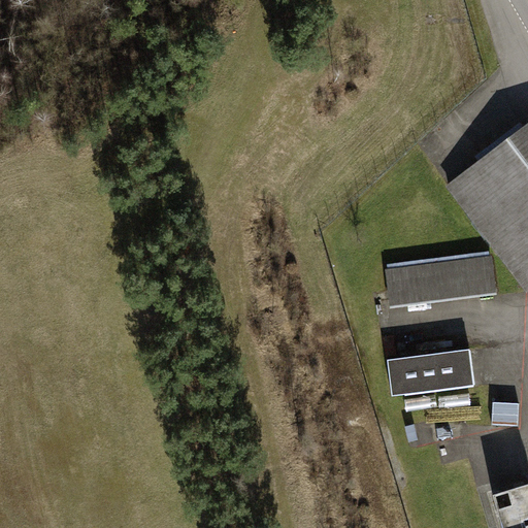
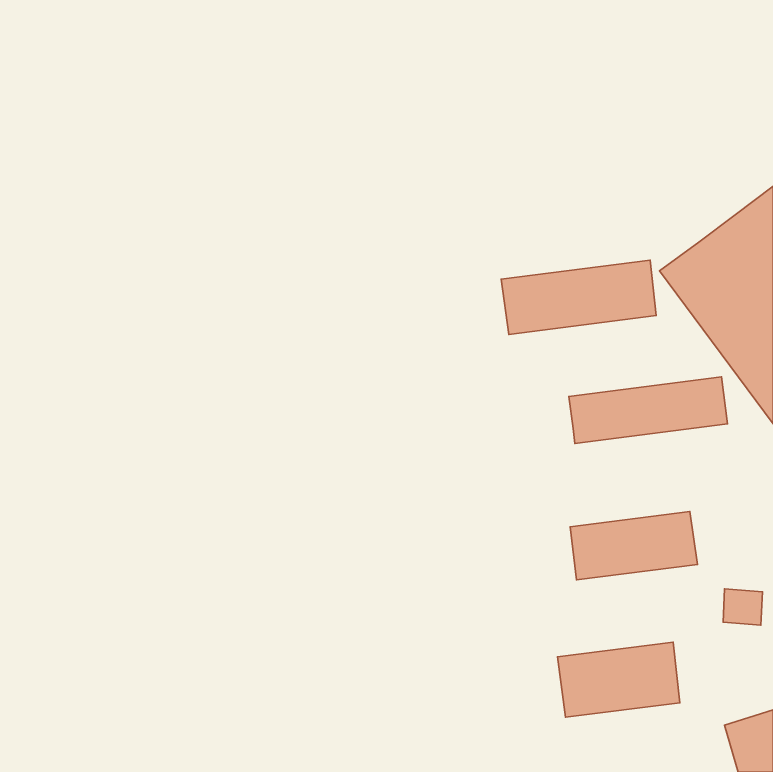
building: none -> [501,260,656,334]
building: none -> [557,642,680,717]

